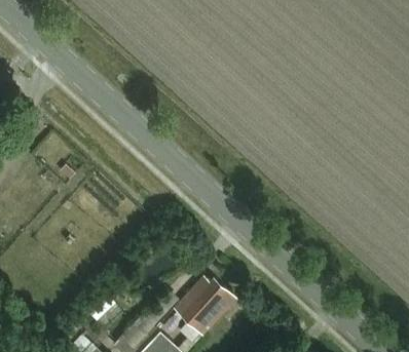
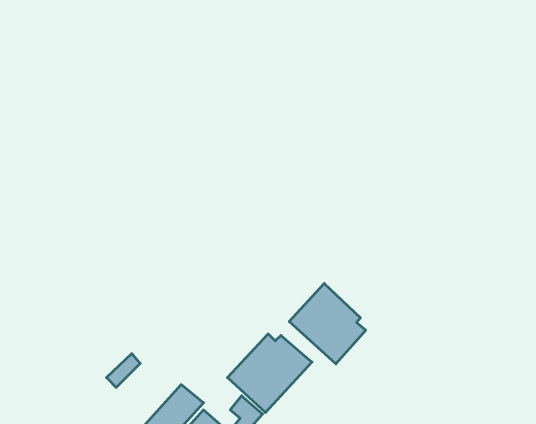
building: none -> [289,283,366,364]

